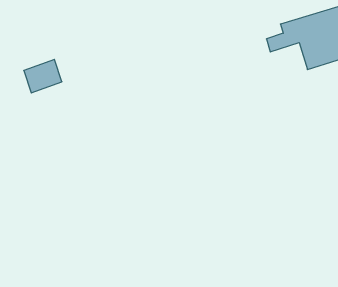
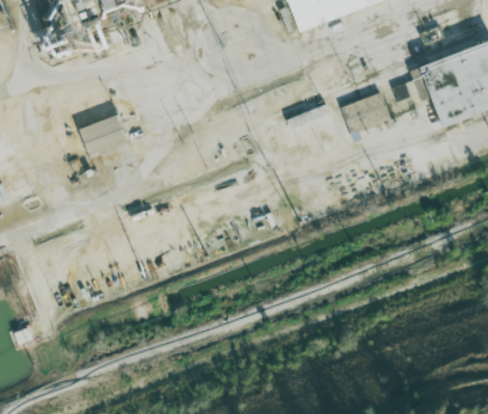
building: none -> [339,92,388,142]

